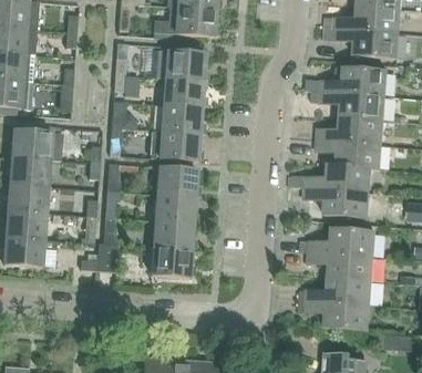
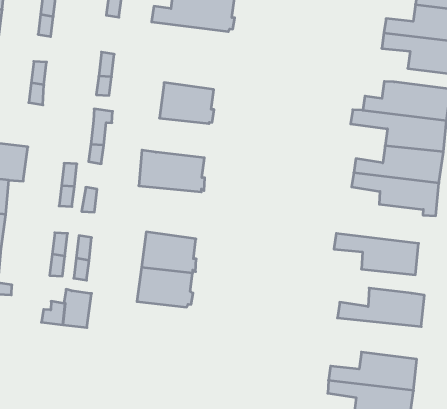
building: [156,51,207,81] -> none
building: [162,105,203,134] -> none
building: [305,163,371,191] -> none
building: [157,167,199,197] -> none
building: [152,248,194,277] -> none
building: [308,252,374,281] -> none

